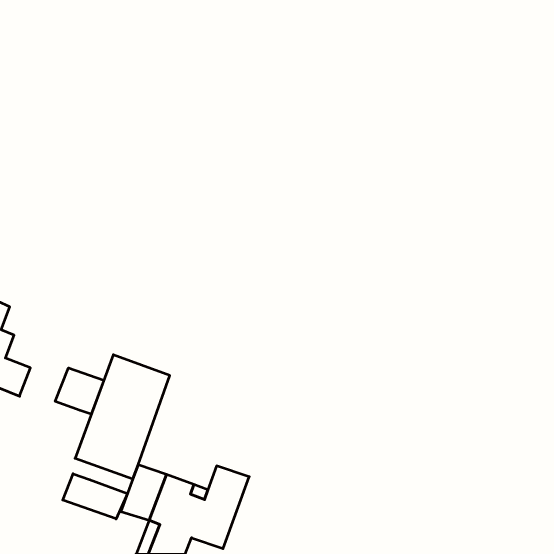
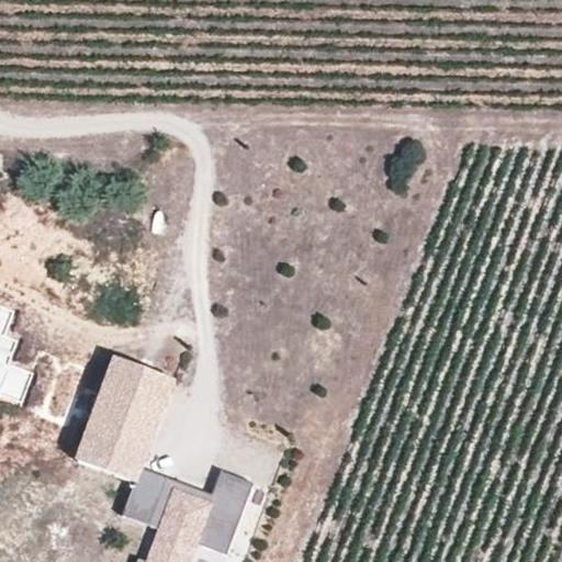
building: [55,368,104,414] -> none
building: [63,474,127,519] -> none

